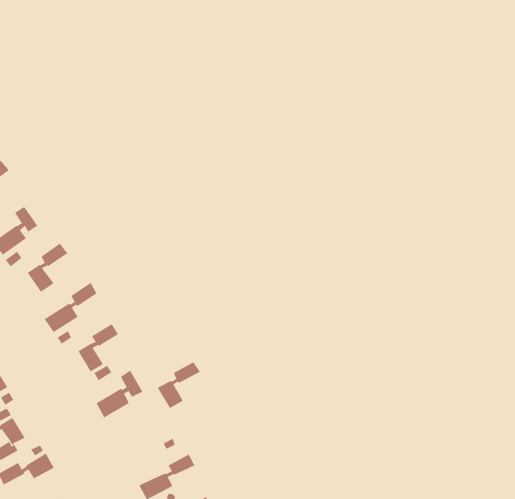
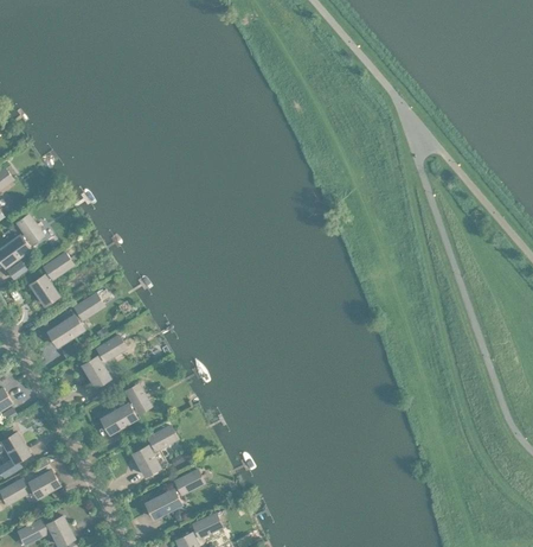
building: [157,361,201,409] -> [131,427,176,476]

